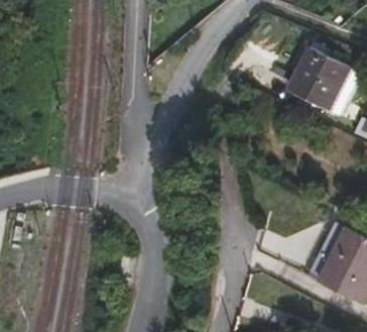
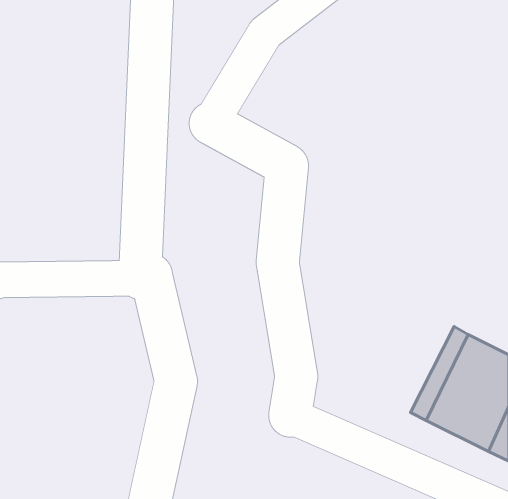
building: [287,50,345,109] -> none

